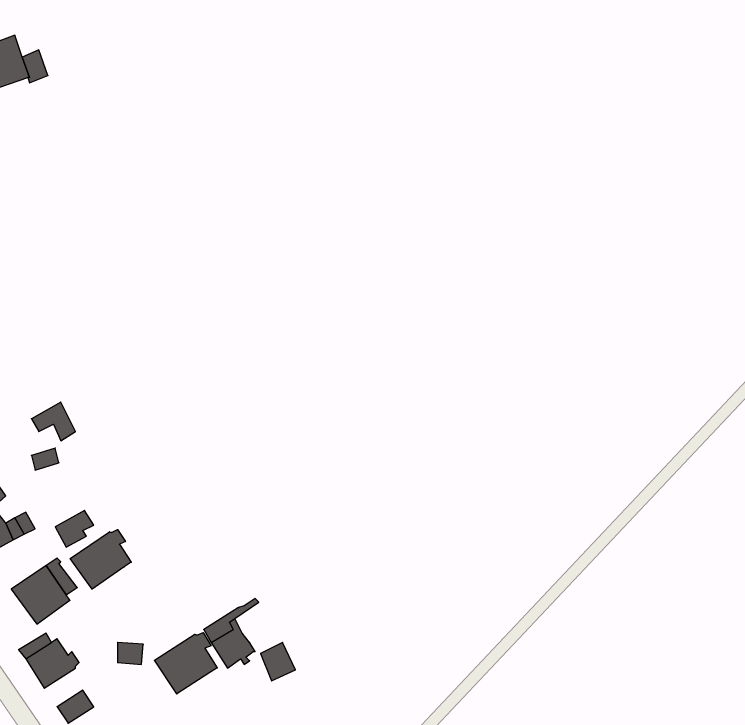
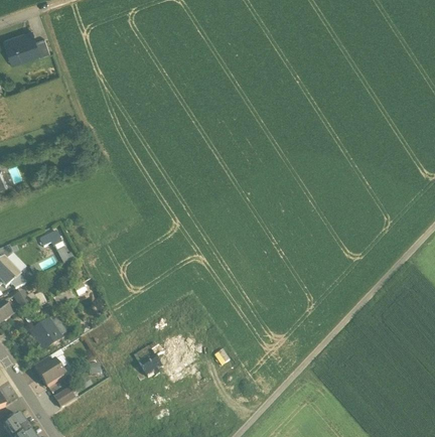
building: [70,530,131,589] -> none
building: [154,633,217,694] -> none

